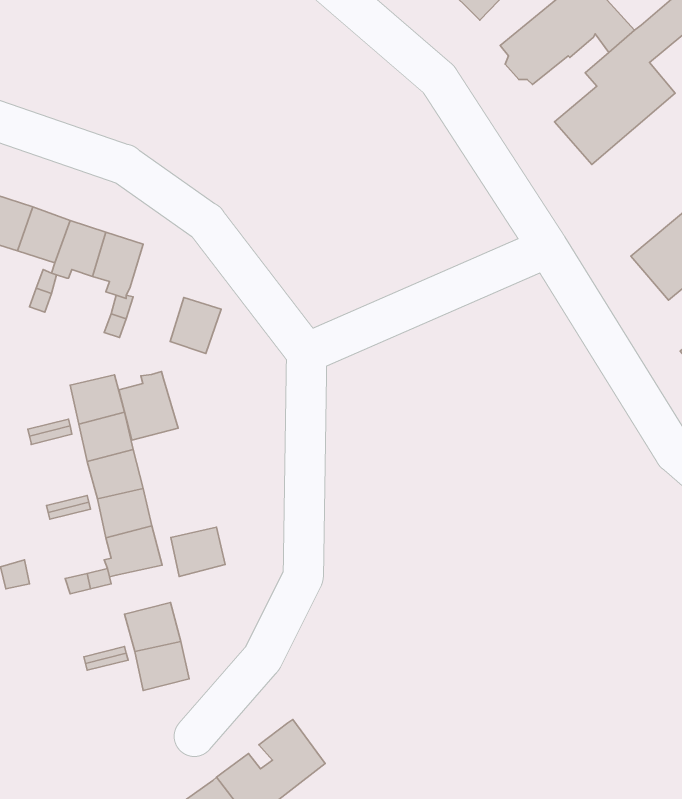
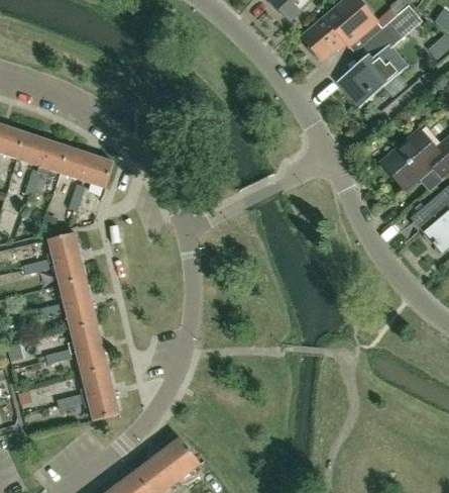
building: [170,297,221,353] -> [83,155,113,188]
building: [119,371,178,440] -> none
building: [171,527,225,576] -> [75,346,107,375]

